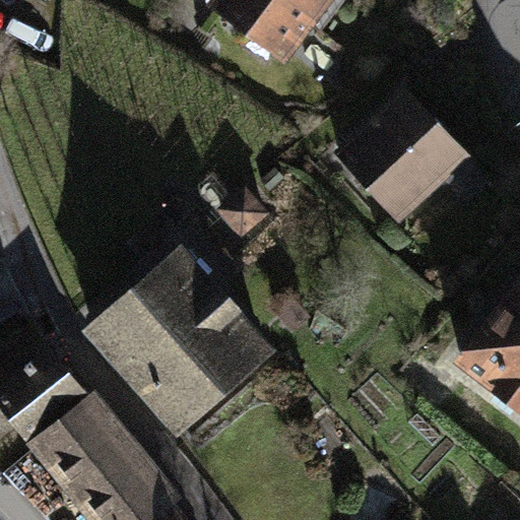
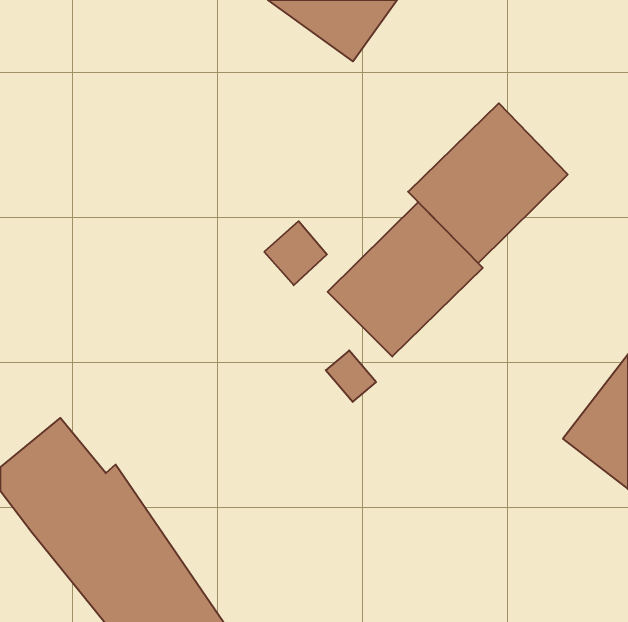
building: none -> [328,202,483,357]
building: [82,245,278,441] -> none

